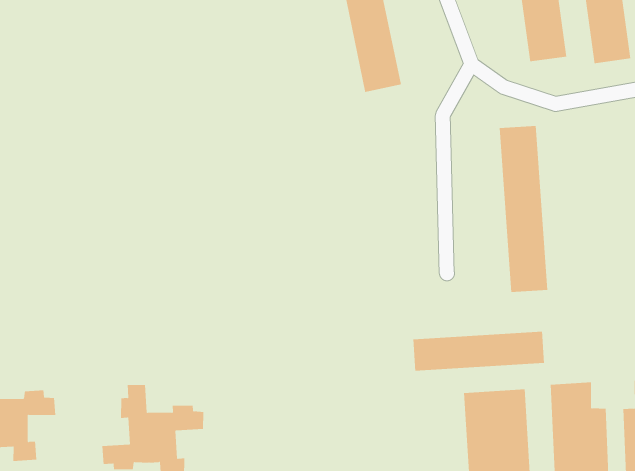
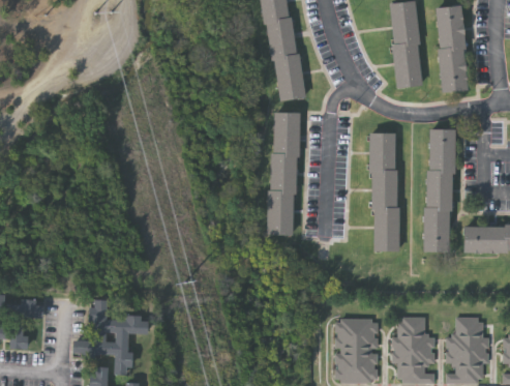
building: none -> [268,112,298,236]
building: none -> [423,128,454,253]
building: [413,331,544,372] -> none

